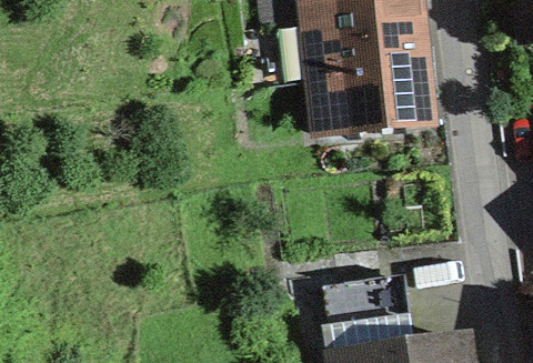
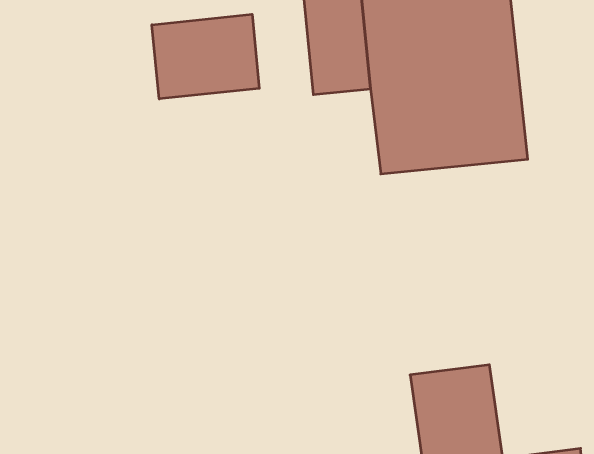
building: none -> [152,14,259,99]

